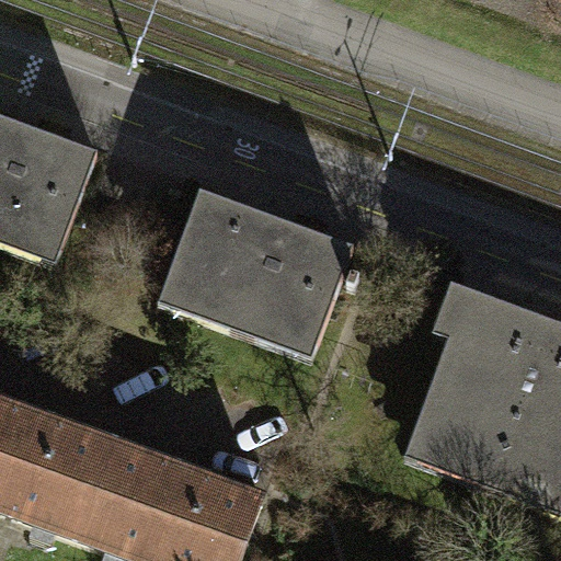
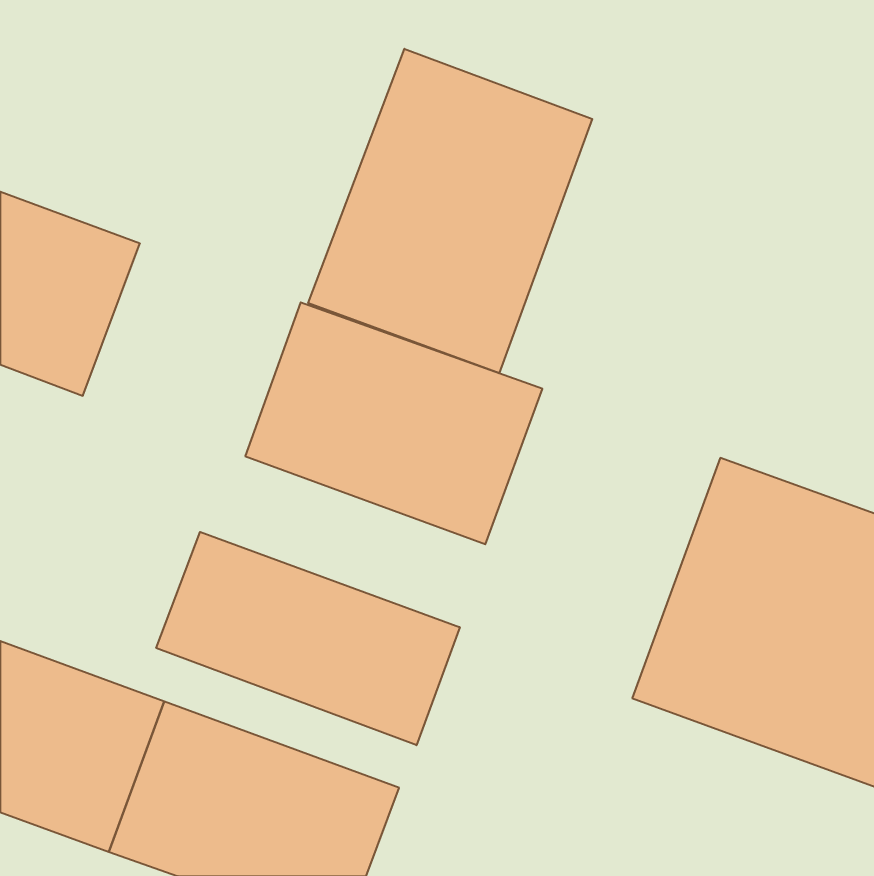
building: none -> [308,49,592,373]
building: none -> [156,532,460,745]

